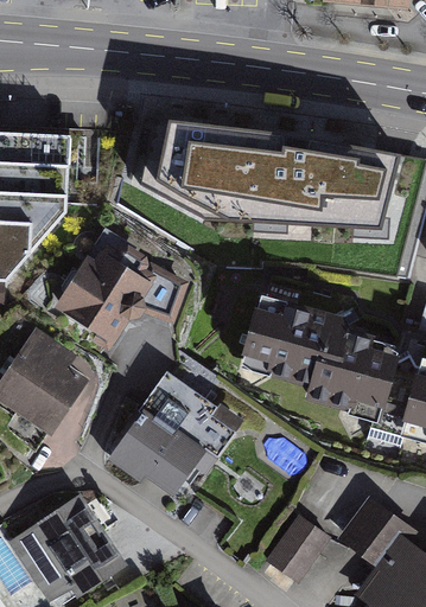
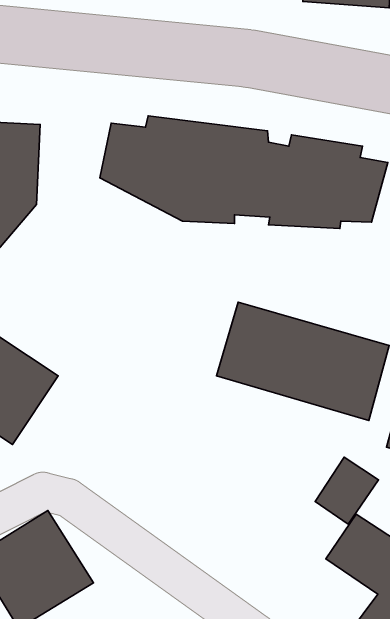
building: [62,247,151,336] -> none
building: [114,373,239,491] -> none
building: [268,516,328,579] -> [315,457,379,524]

